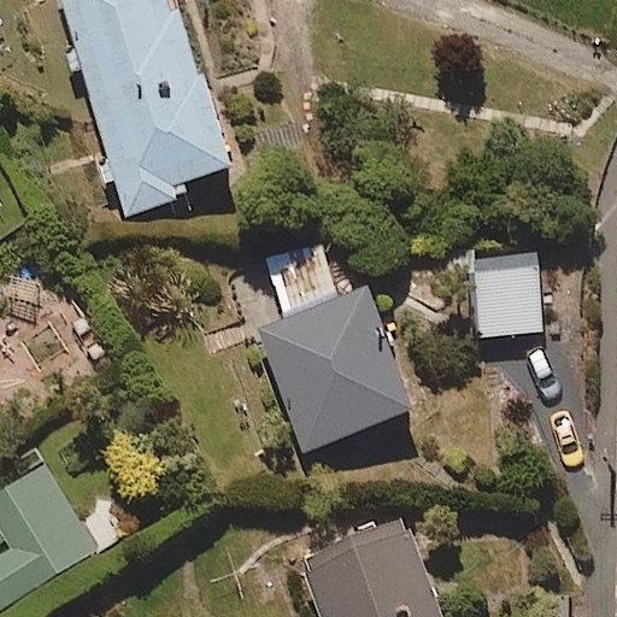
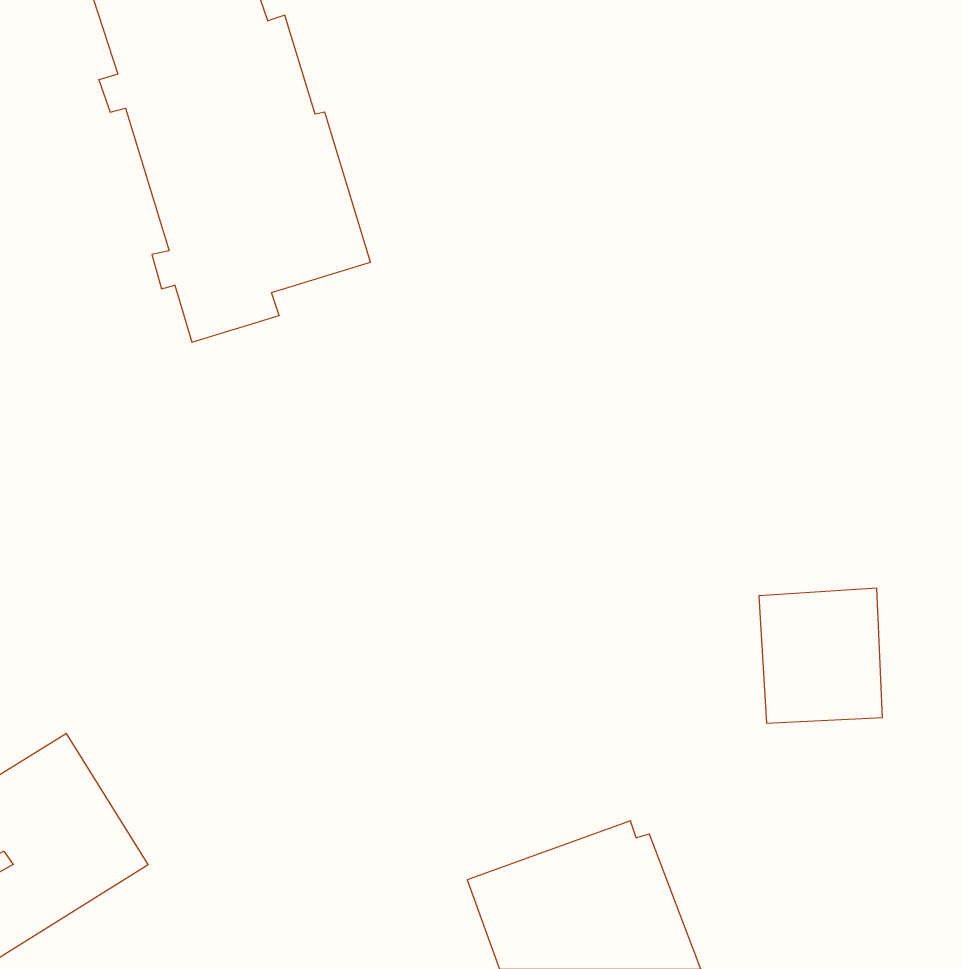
building: [465,252,543,337] -> [759,588,882,723]
building: [253,286,416,454] -> none

